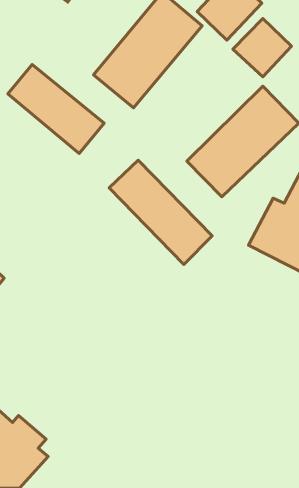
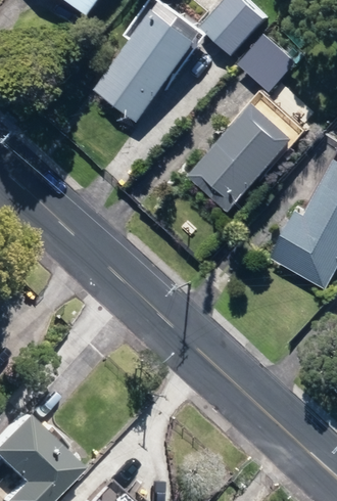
building: [8,64,104,153] -> none
building: [109,160,212,264] -> none

